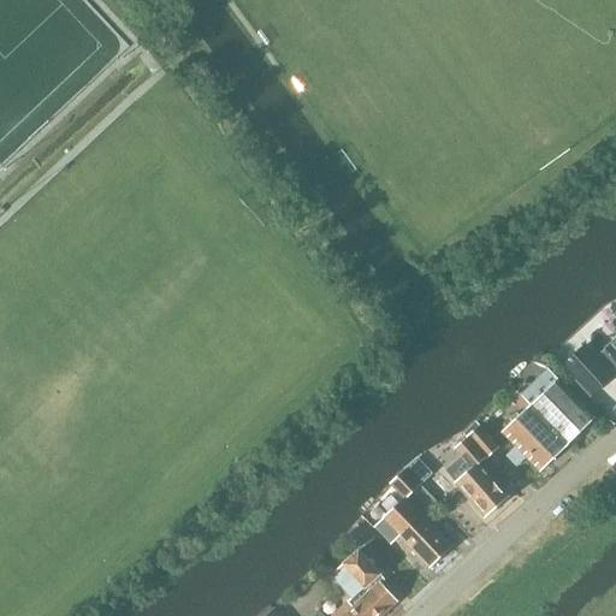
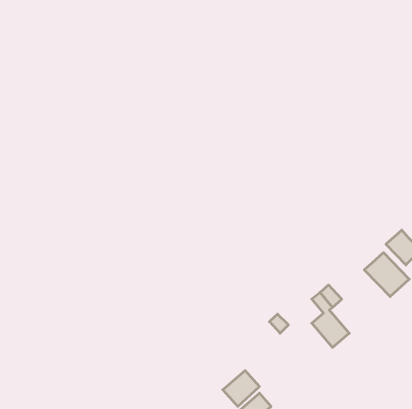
building: [504,403,569,468] -> none
building: [384,494,454,565] -> none

